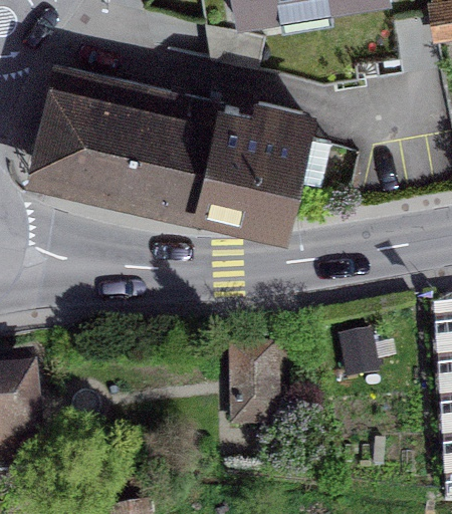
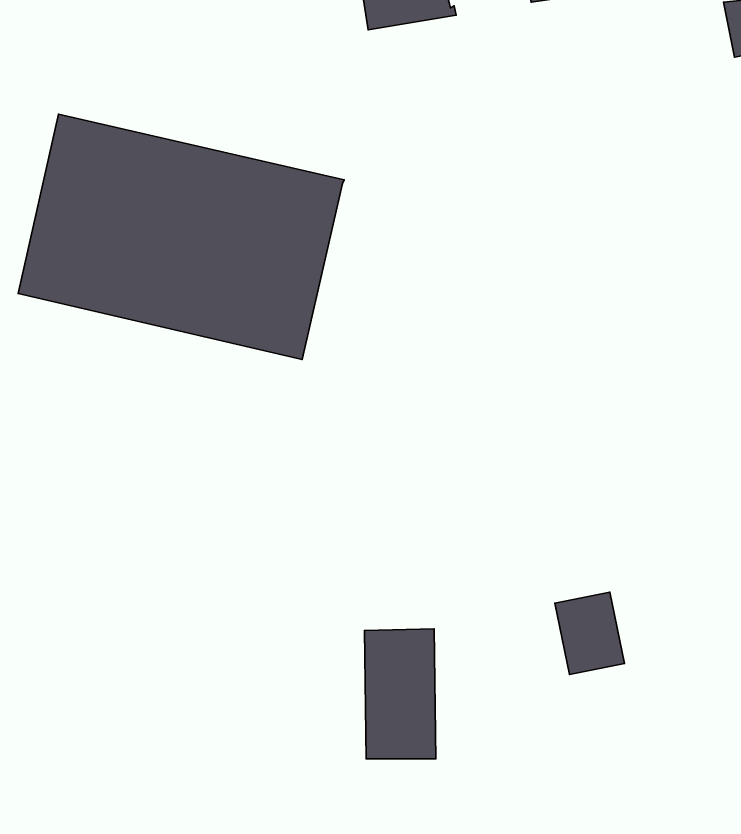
building: [197,106,326,224] -> none

